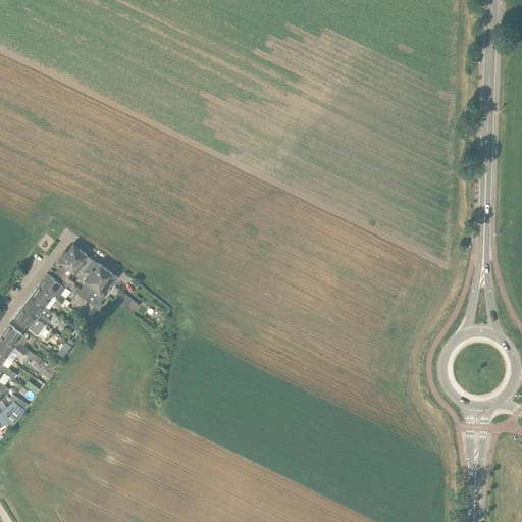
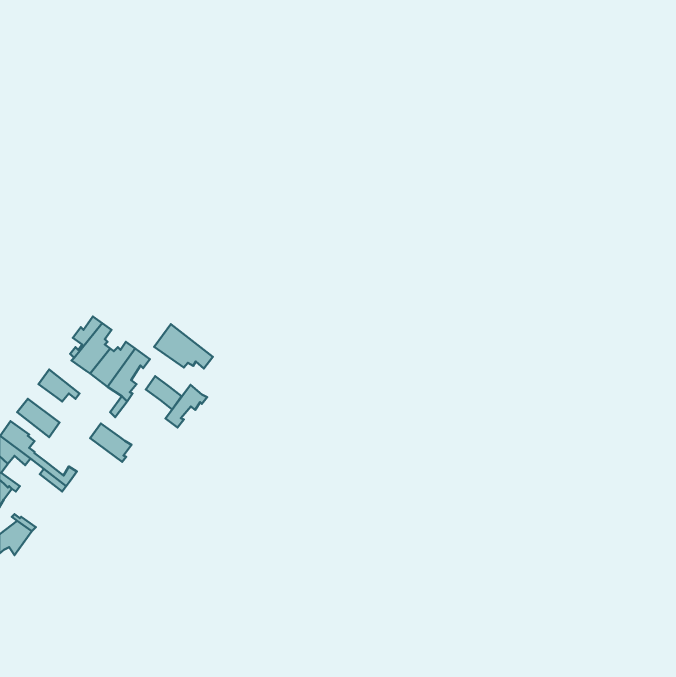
building: none -> [154,324,213,368]
building: [38,273,66,303] -> none
building: [21,296,53,325] -> [90,424,131,462]
building: none -> [165,385,207,428]

